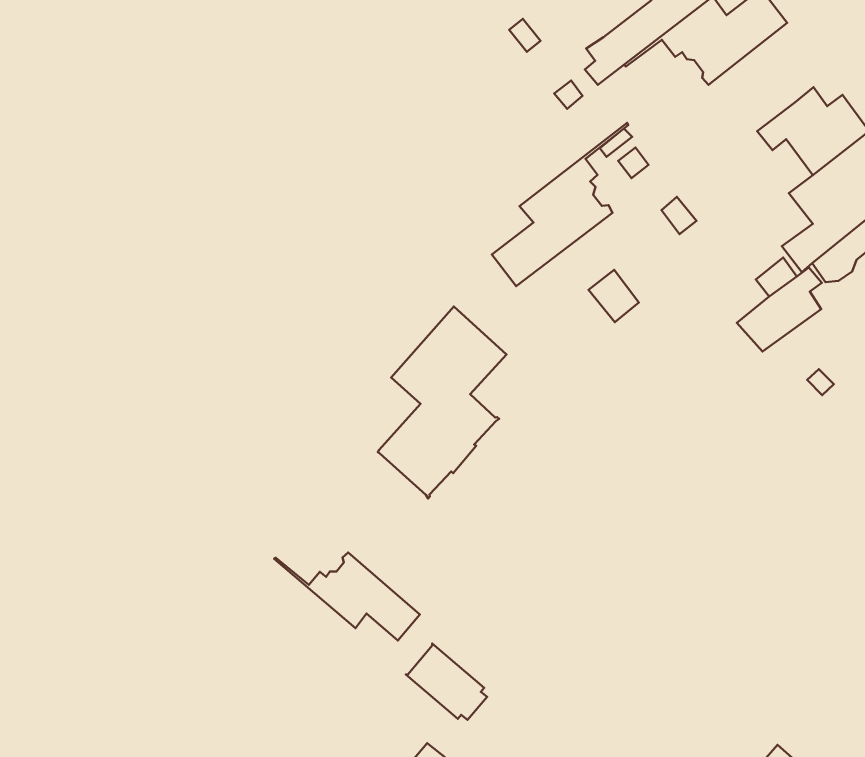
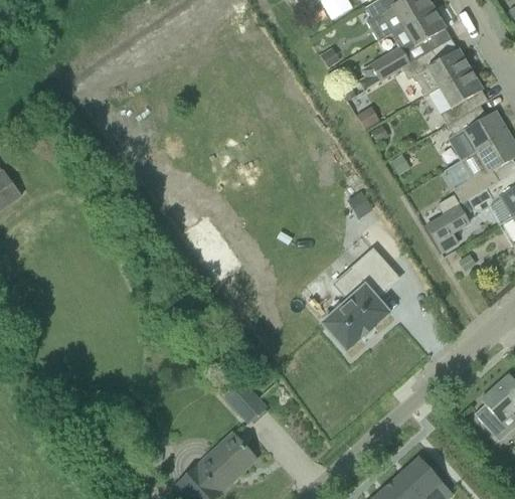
building: none -> [424,68,483,125]
building: [492,123,628,286] -> none
building: [378,306,507,498] -> [323,250,398,351]
building: [274,552,420,640] -> none

